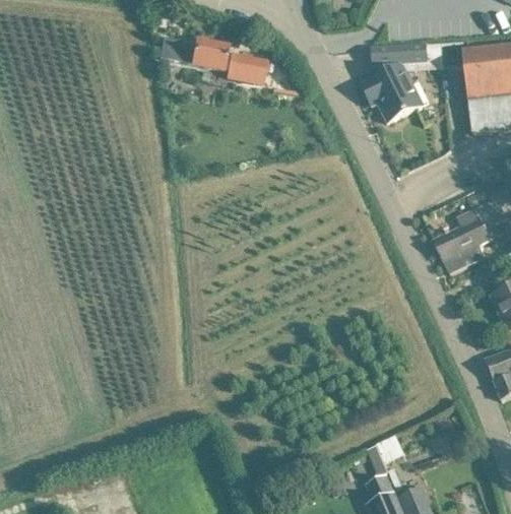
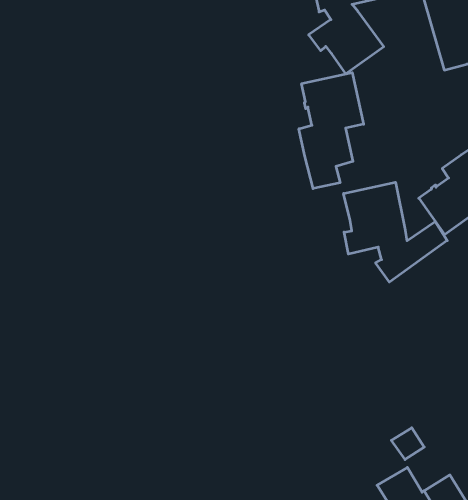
building: [159,37,267,82] -> none
building: none -> [299,73,364,189]
building: none -> [344,182,447,282]

